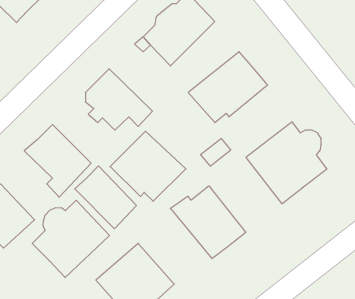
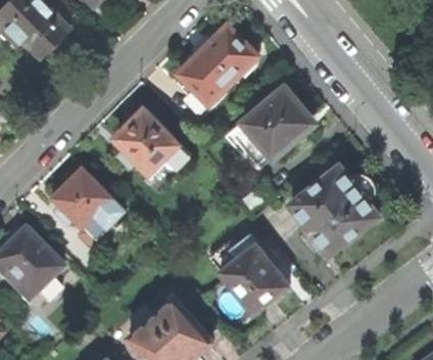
building: [110,131,186,201] -> none
building: [75,166,136,229] -> none
building: [32,200,109,278] -> none

